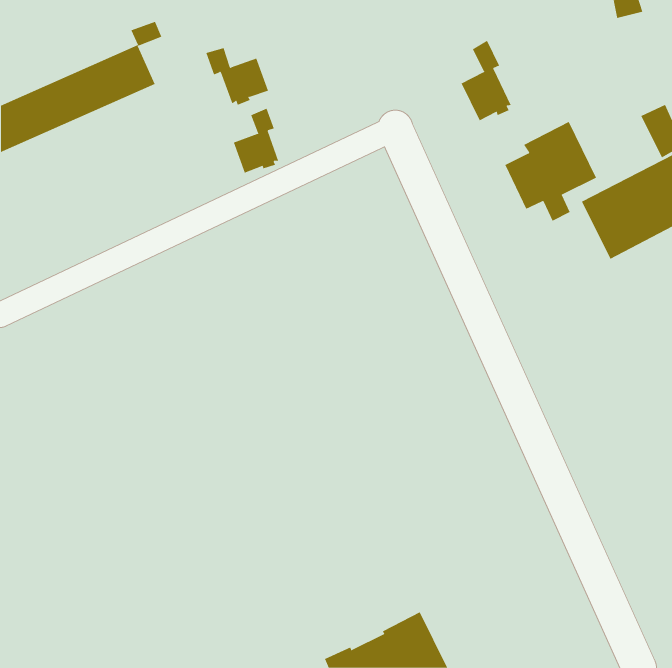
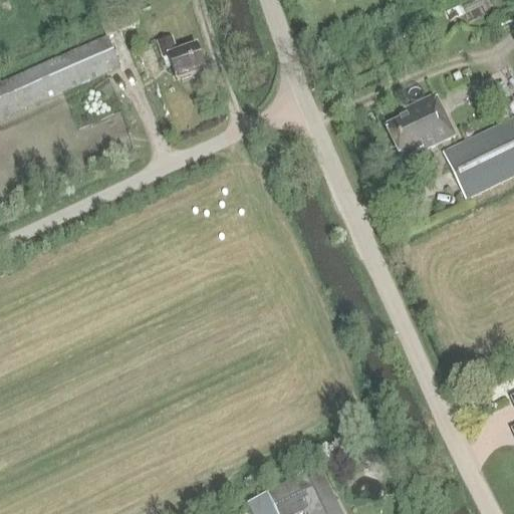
building: [461,40,512,121] -> none
building: [233,108,279,174] -> none

